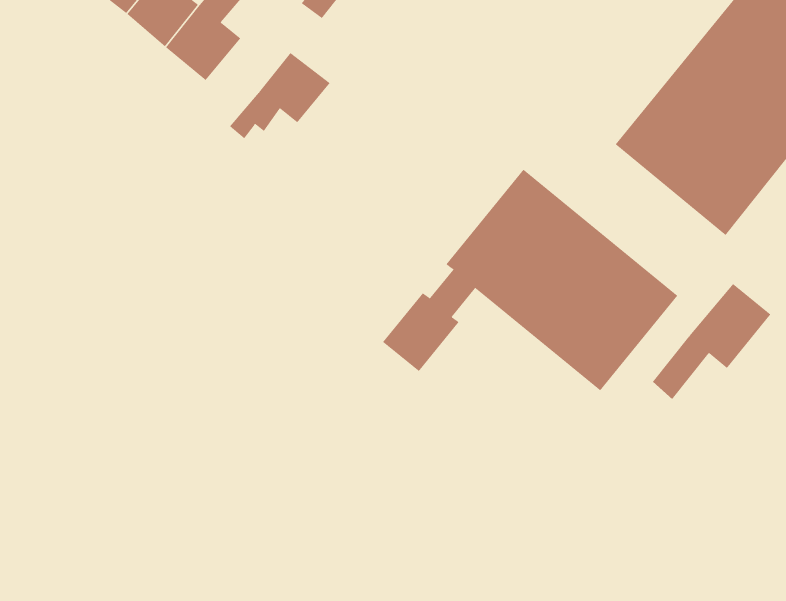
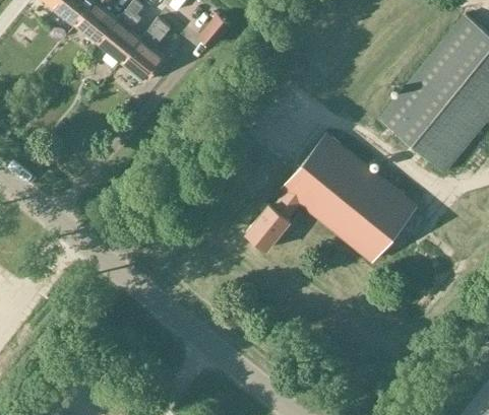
building: [229,52,331,139] -> none
building: [652,283,771,400] -> none

